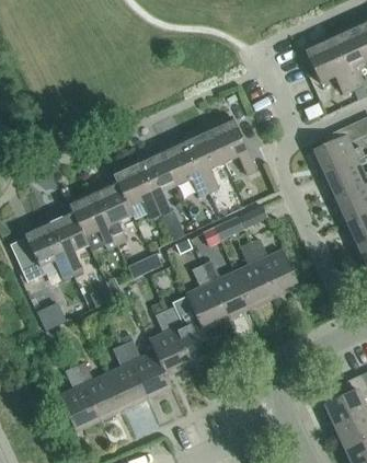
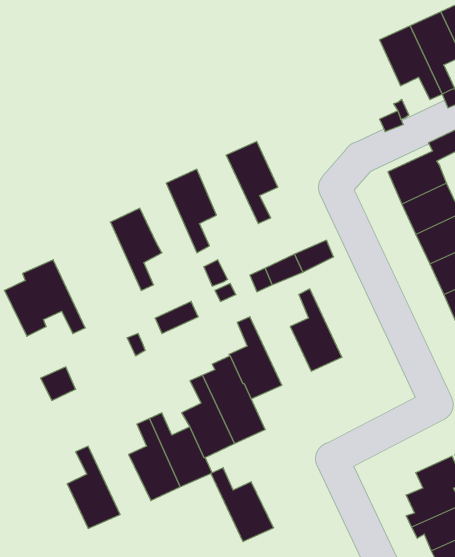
building: [208,116,257,175] -> none
building: [161,138,209,197] -> none
building: [112,160,161,219] -> none
building: [48,190,117,274] -> none
building: [250,239,300,297] -> none
building: [203,261,251,319] -> none
building: [76,362,125,420] -> [211,468,274,542]

